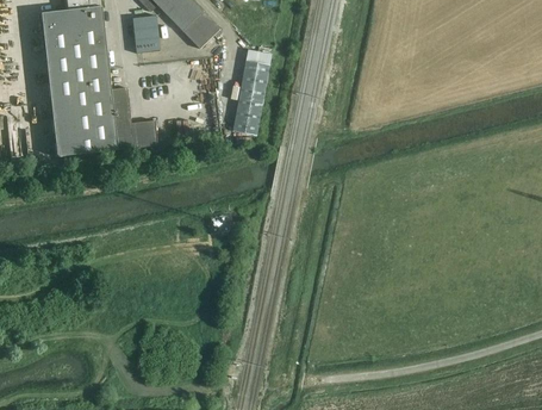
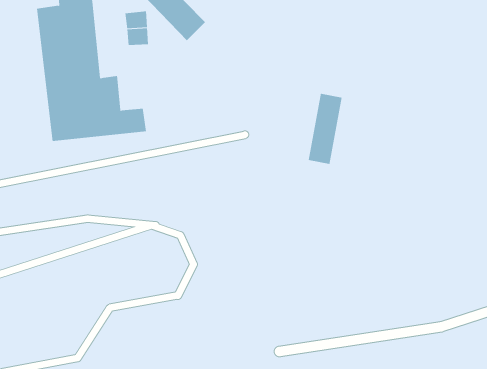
building: [232,57,269,133] -> [308,93,343,165]

